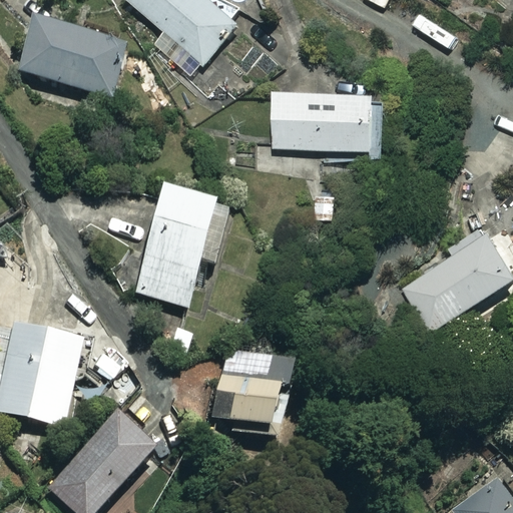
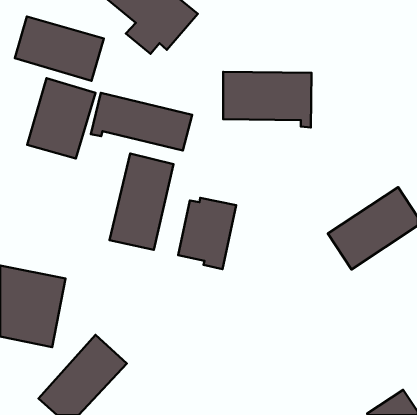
building: none -> [27,78,95,159]
building: none -> [91,93,192,150]
building: [211,351,283,438] -> [178,198,236,269]

